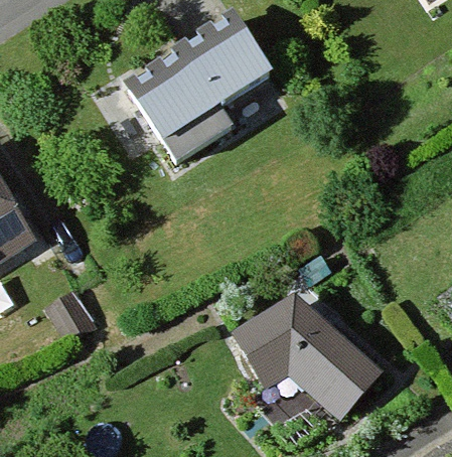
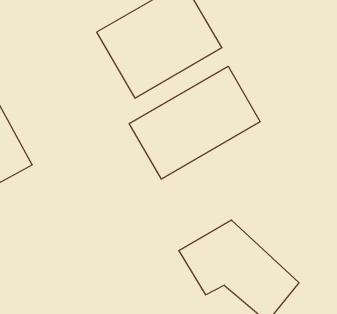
building: none -> [129,66,260,179]

